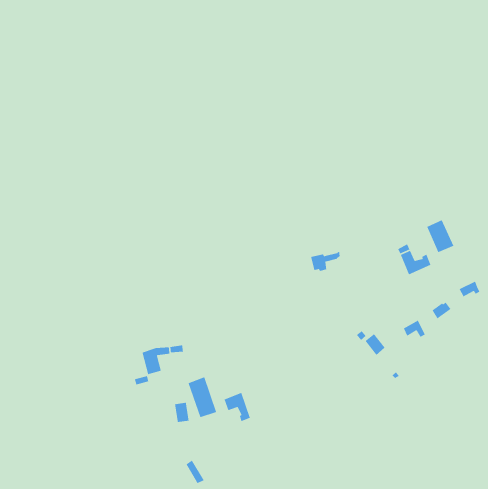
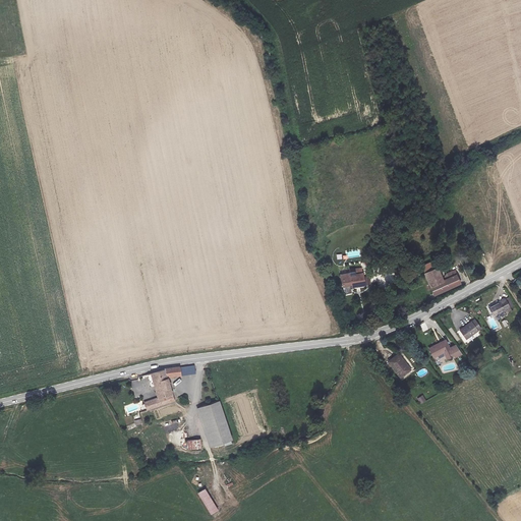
building: [426,219,454,253] -> none
building: [224,392,251,422] -> none

